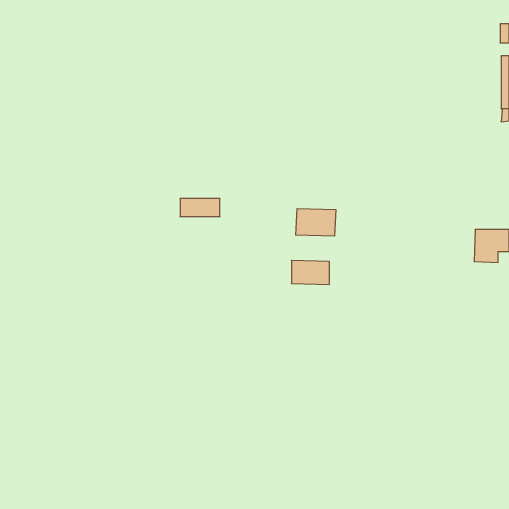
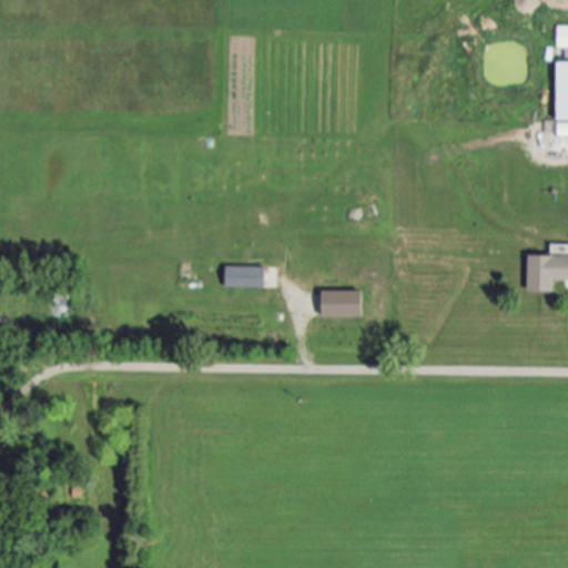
building: [180,199,220,217] -> [225,266,270,286]
building: [296,209,336,236] -> none

